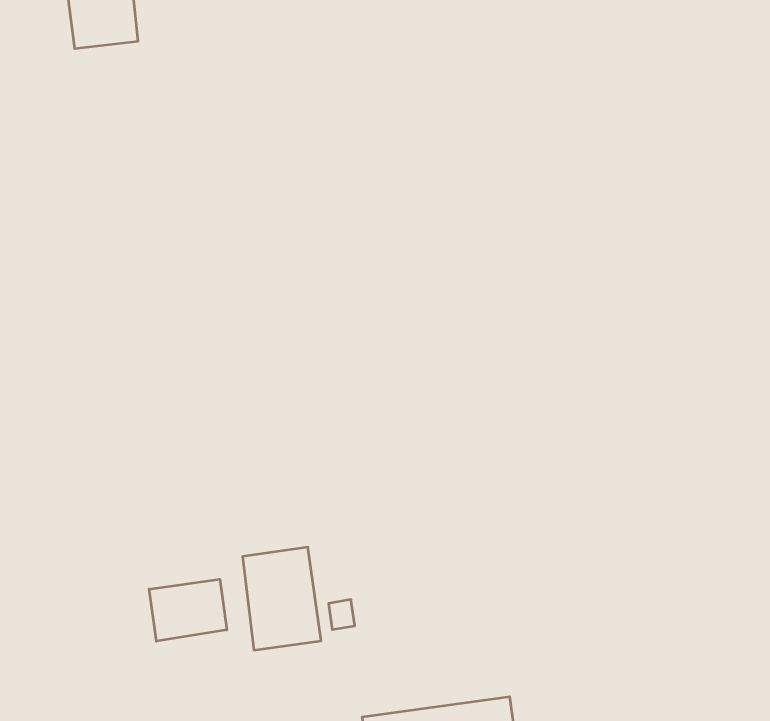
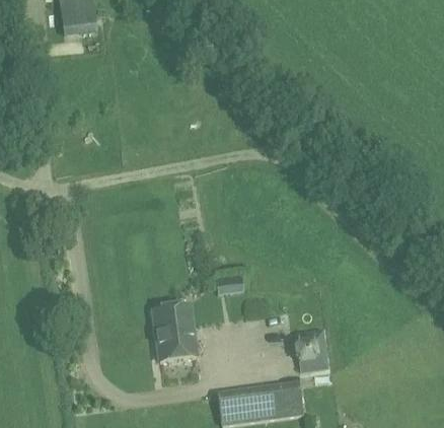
building: [149,579,227,641] -> none
building: none -> [296,328,328,371]

